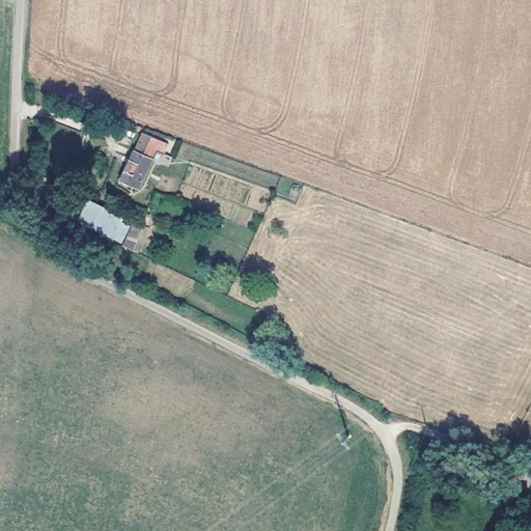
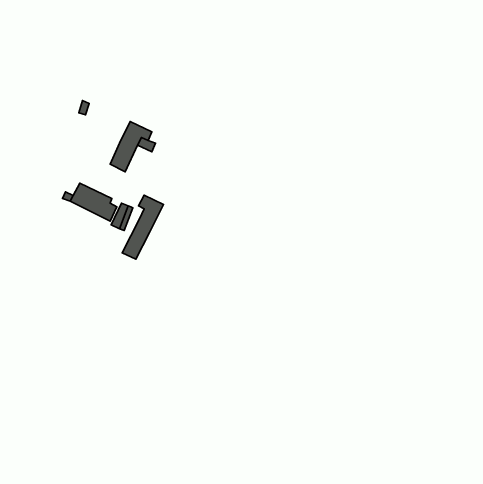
building: none -> [122,195,163,259]

